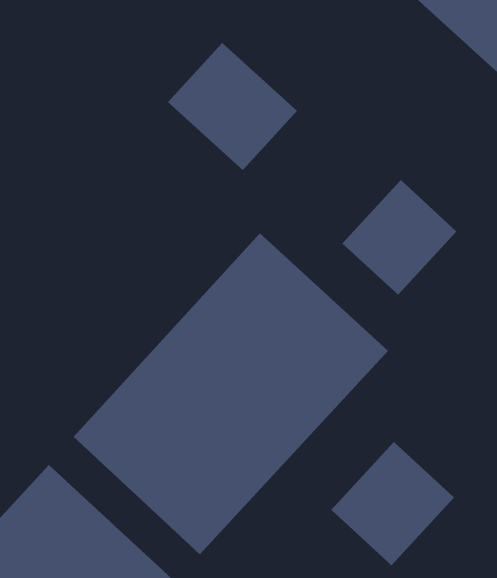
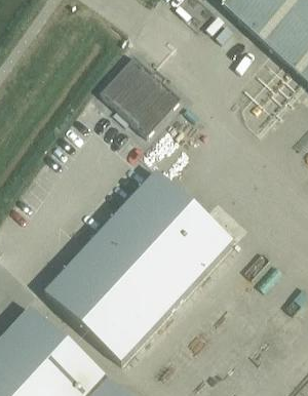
building: [342,179,457,296] -> none
building: [331,441,455,566] -> none

